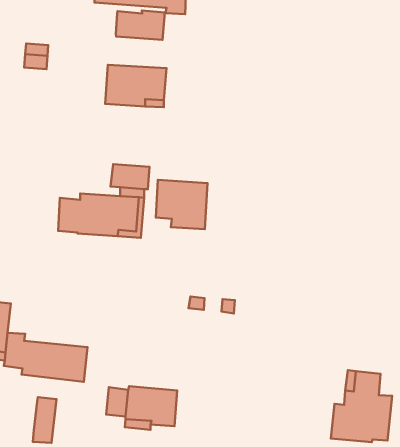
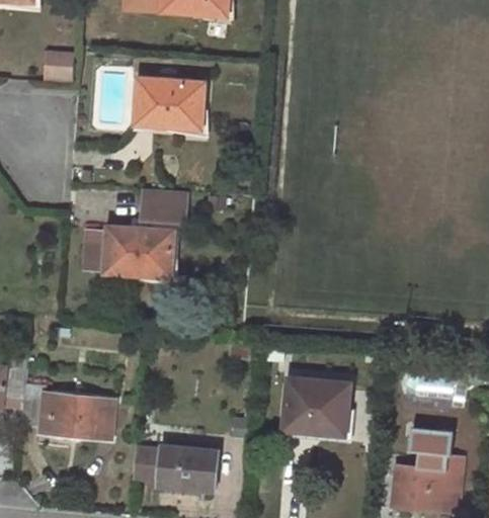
building: [116,11,165,40] -> none
building: [156,180,208,229] -> none
building: none -> [282,379,348,434]
building: [33,397,57,443] -> none

